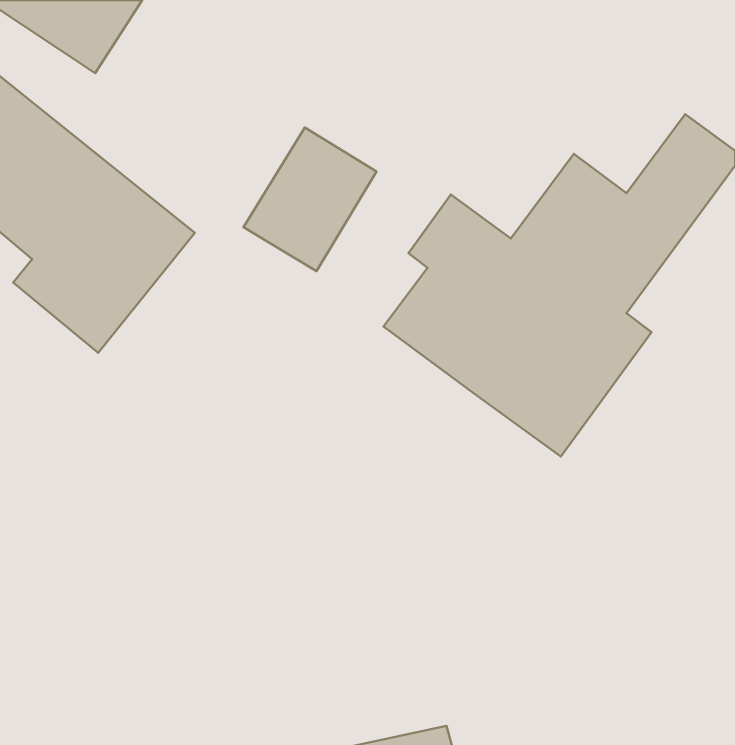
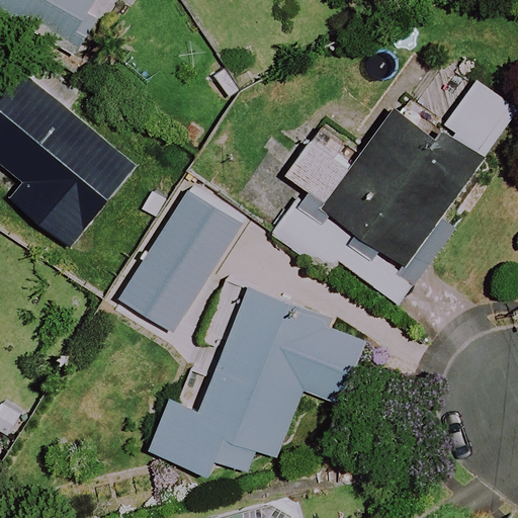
building: [243,128,377,271] -> [142,197,234,296]
building: none -> [152,283,365,472]

